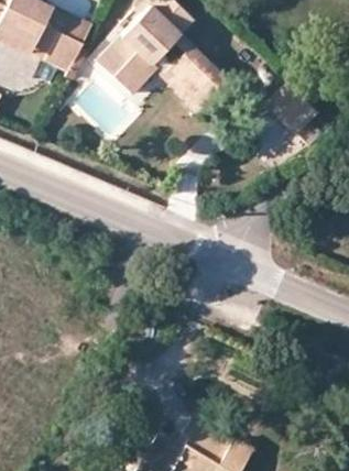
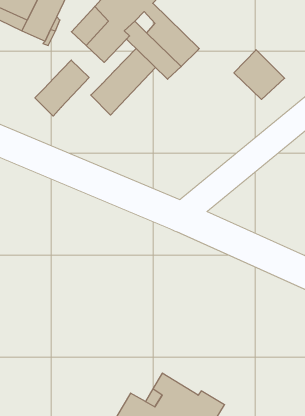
building: none -> [91,49,155,115]
building: none -> [35,60,89,116]

